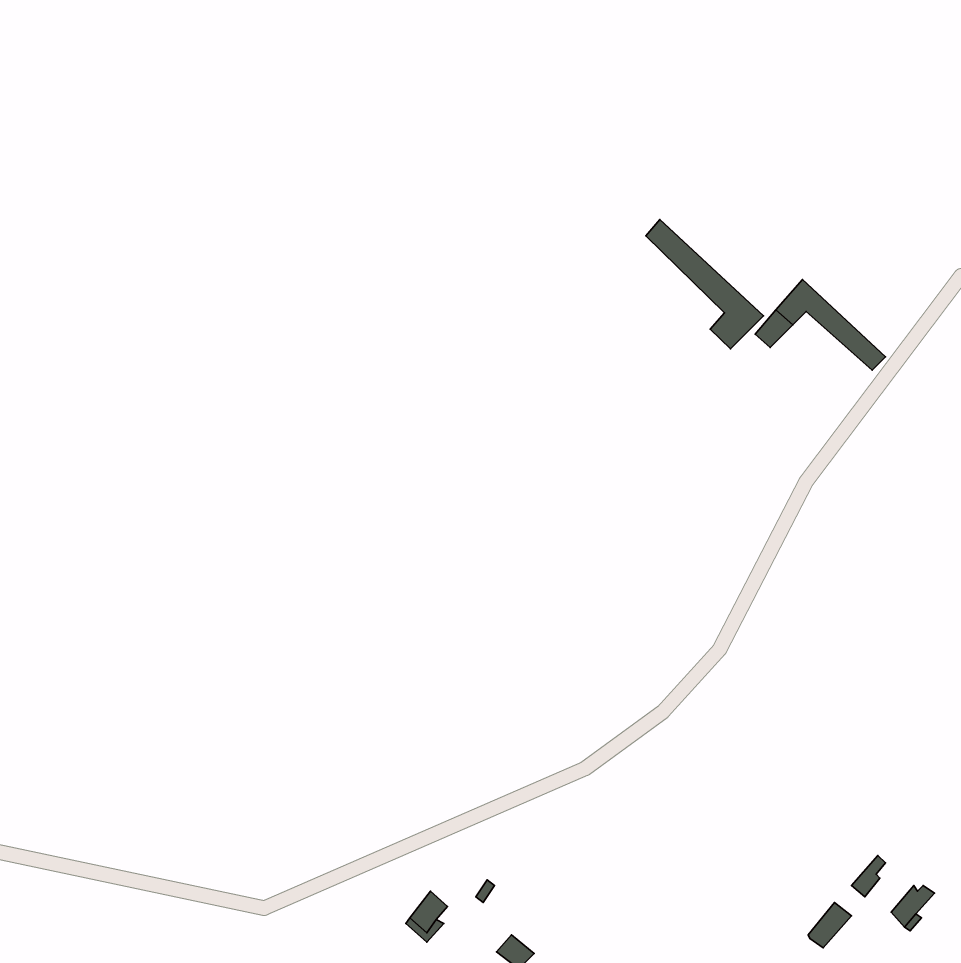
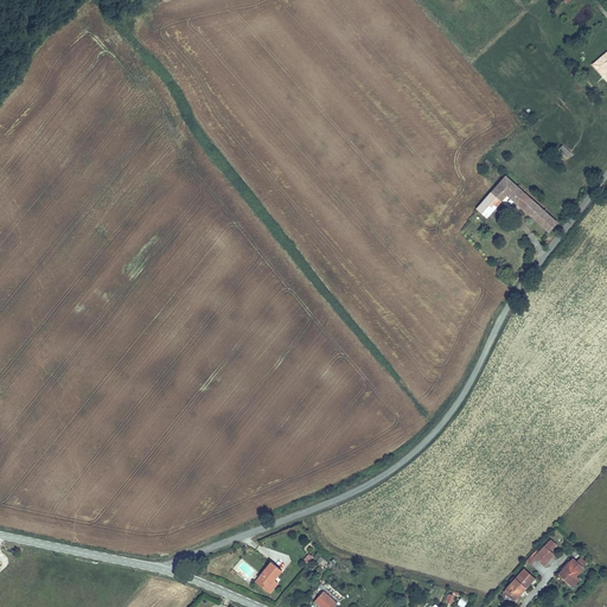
building: [646,219,763,349] -> none

